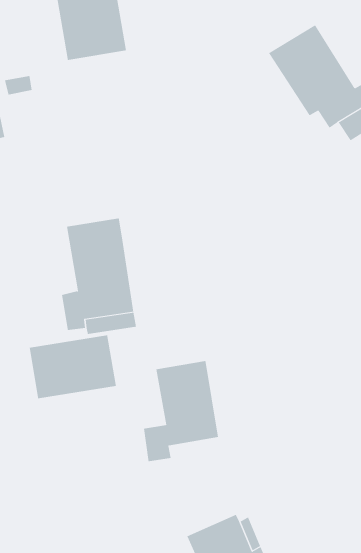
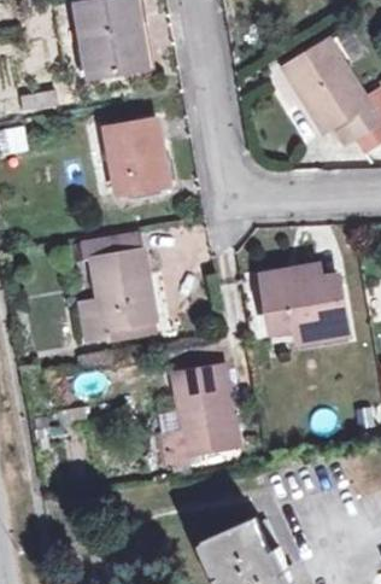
building: none -> [105,119,165,192]
building: none -> [262,263,347,341]
building: [29,334,116,399] -> none

